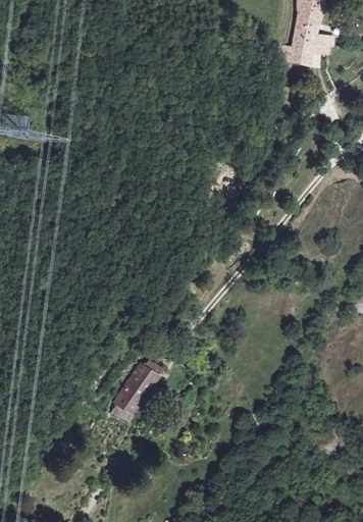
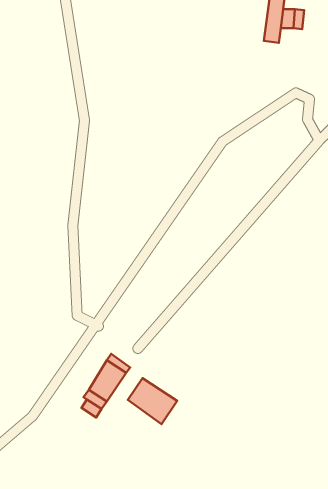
building: none -> [128,378,177,424]

